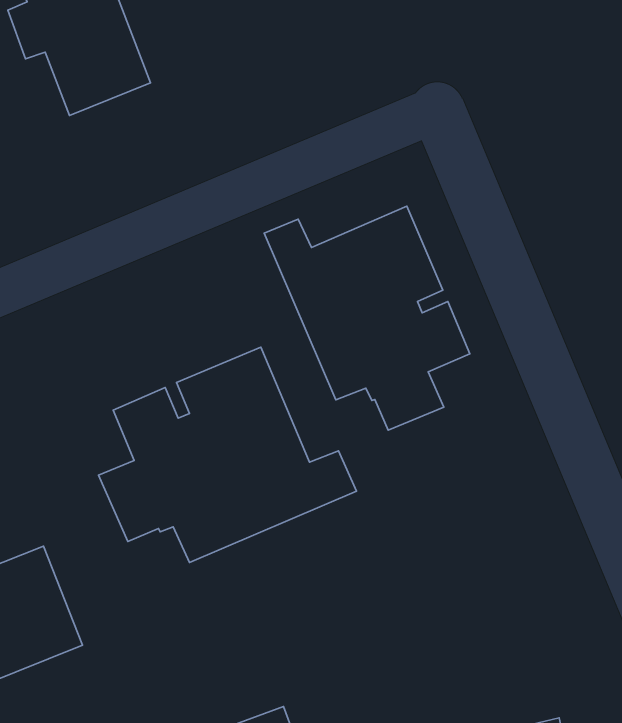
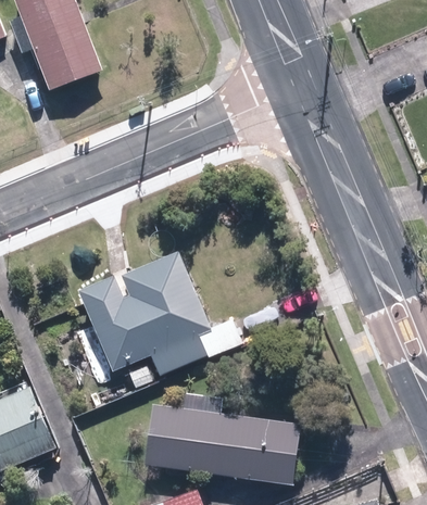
building: [264,206,470,430] -> none
building: none -> [148,391,304,484]

